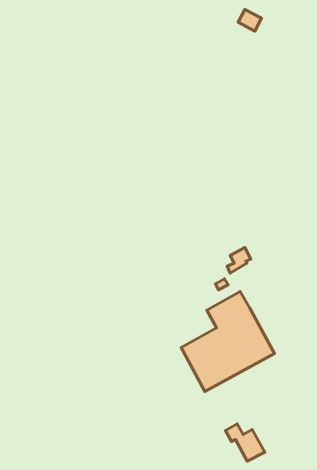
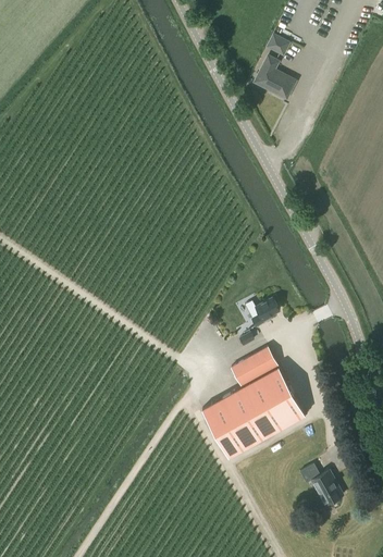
building: none -> [254,58,295,97]
building: [226,424,265,461] -> [299,465,343,506]

